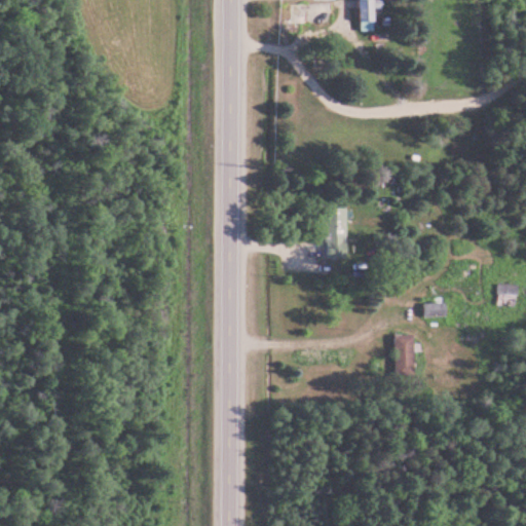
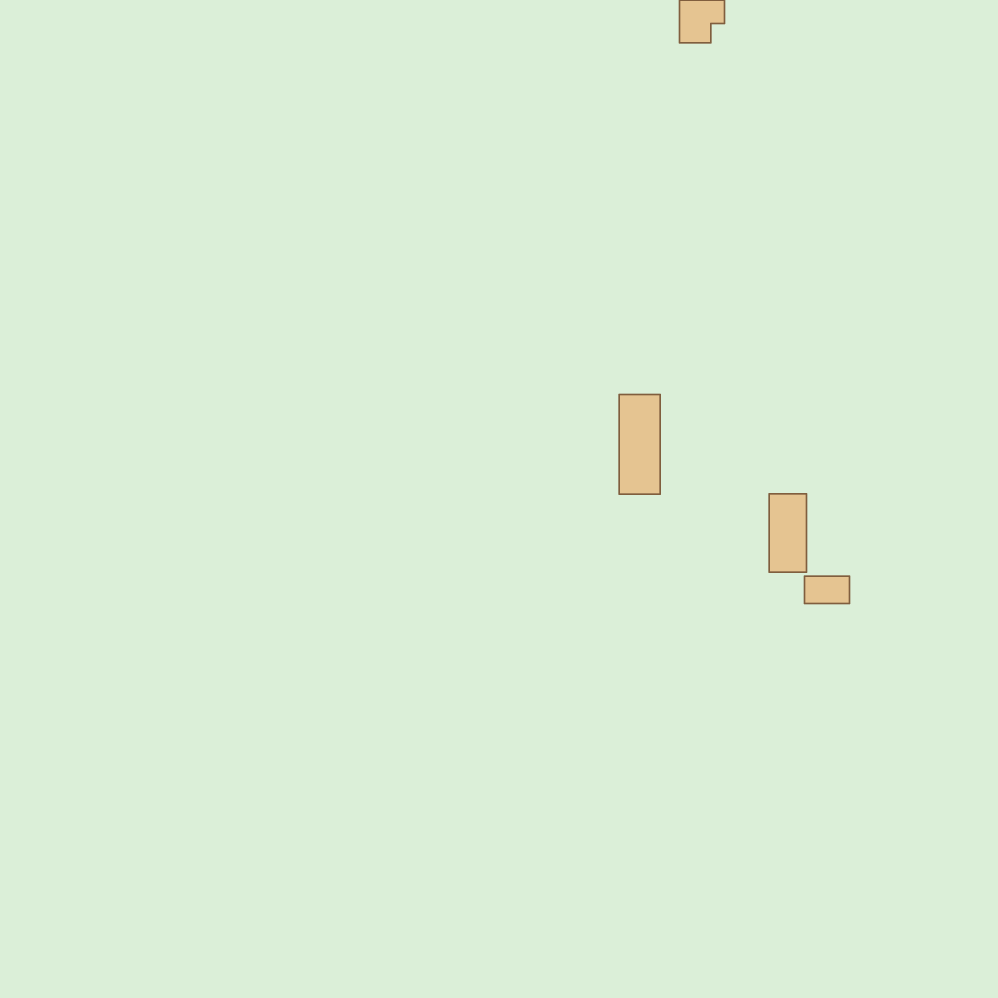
building: [498,285,520,307] -> none
building: [394,335,414,376] -> [769,494,806,572]

